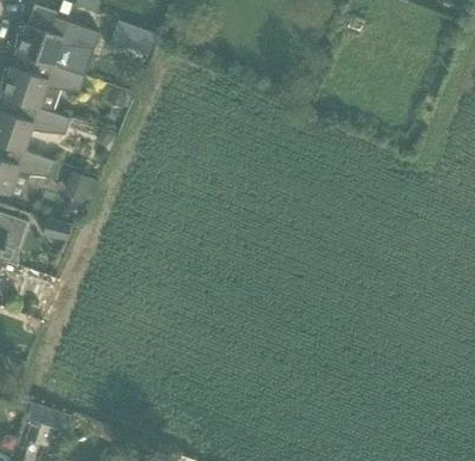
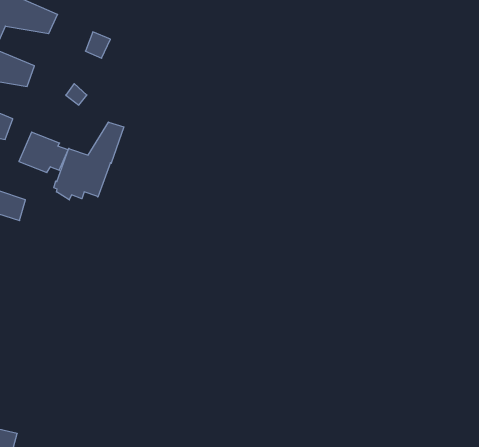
building: none -> [54,122,124,200]

